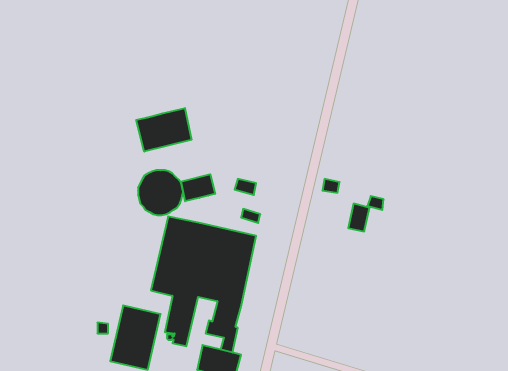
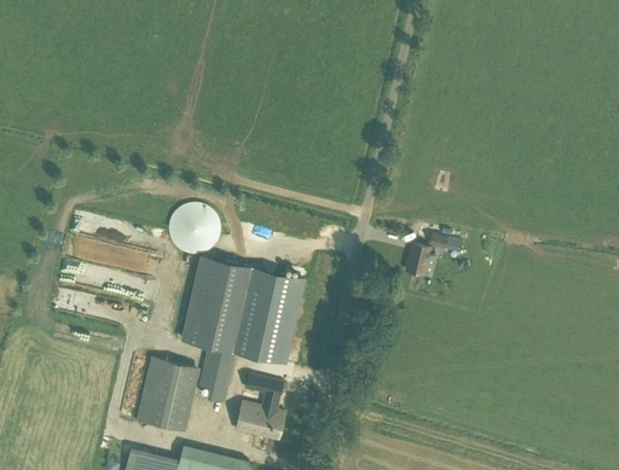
building: [136,108,192,152] -> none
building: [181,174,215,201] -> none

